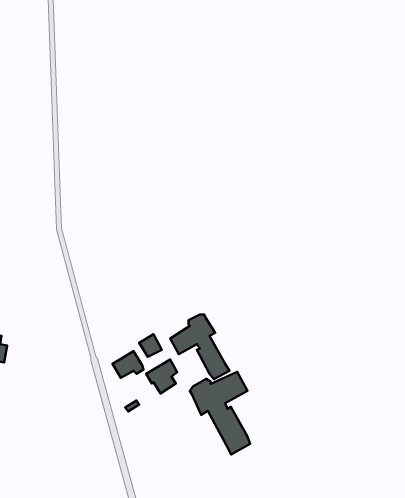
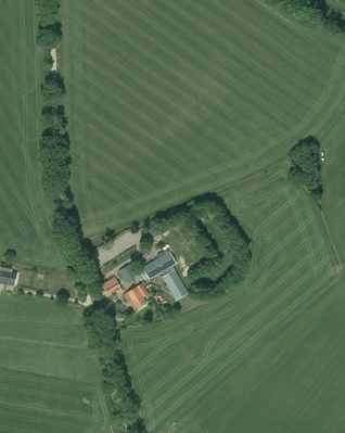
building: [190,372,250,454] -> none

